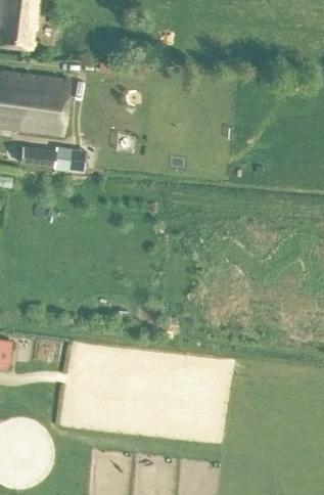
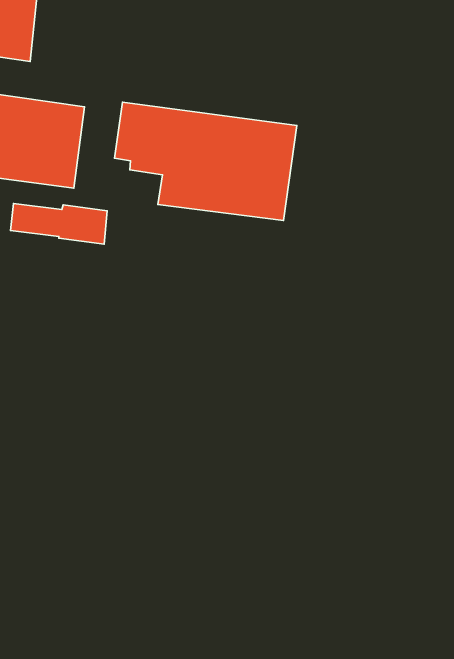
building: none -> [114,102,297,220]

